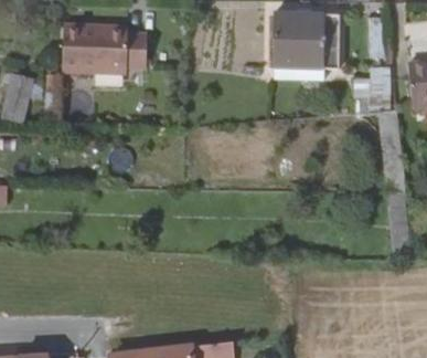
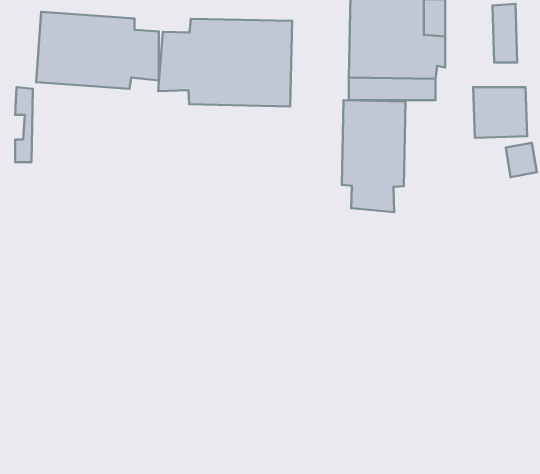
building: none -> [158,19,292,106]
building: none -> [342,100,405,212]

